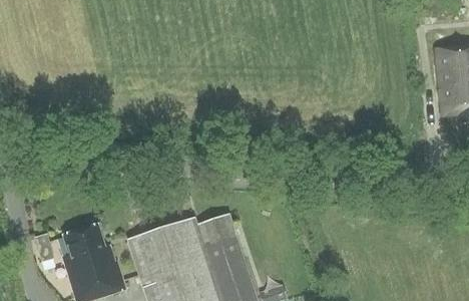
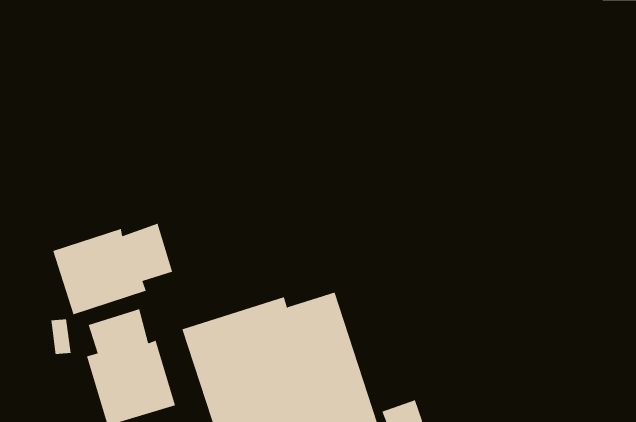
building: none -> [53,223,173,315]

